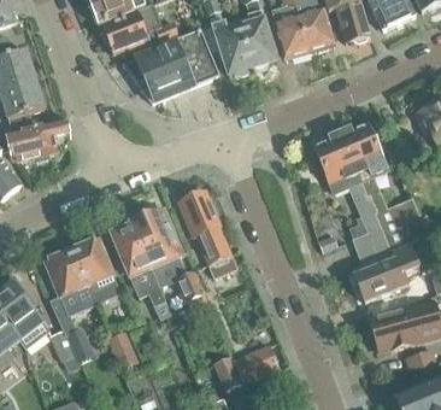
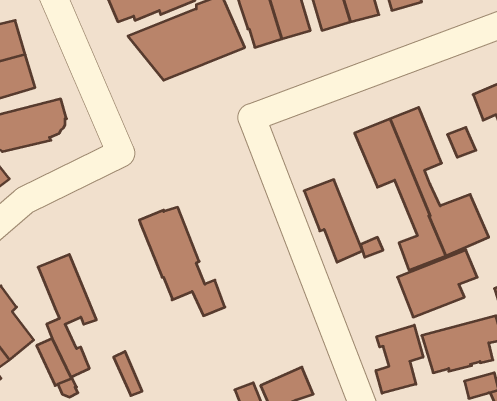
building: [180,193,229,263] -> [304,180,363,262]
building: [112,223,170,318] -> none
building: [72,238,120,304] -> none
building: none -> [376,325,423,393]

